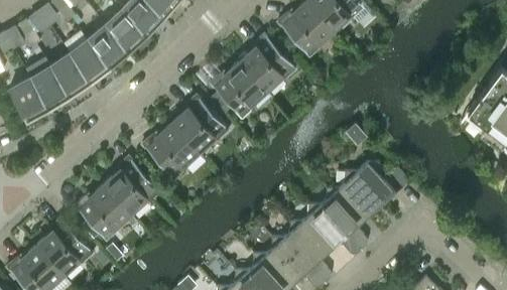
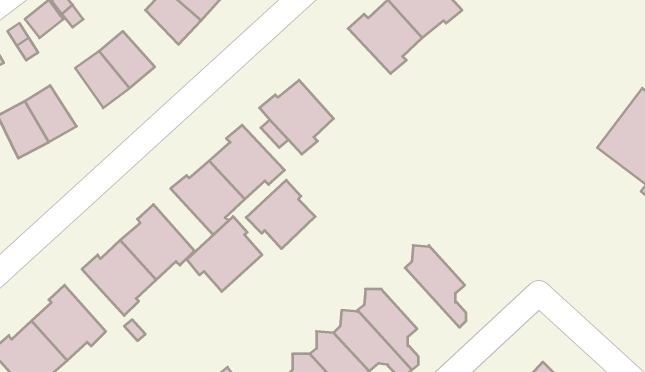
building: [106,8,148,51] -> none
building: [240,34,296,91] -> none
building: [50,52,91,97] -> none
building: none -> [246,180,315,249]
building: [339,162,395,218] -> none
building: none -> [187,216,262,292]
building: [302,203,362,254] -> none

